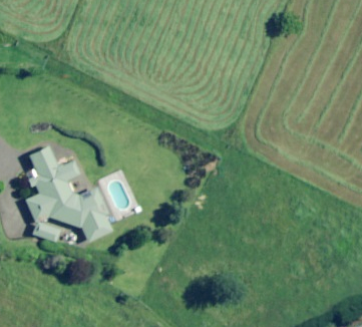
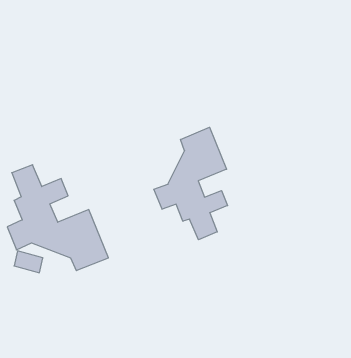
building: none -> [154,127,228,240]

